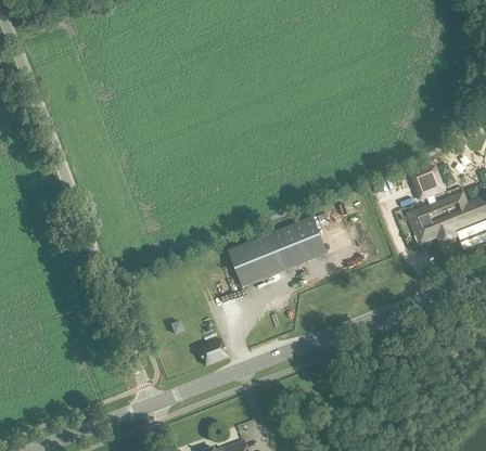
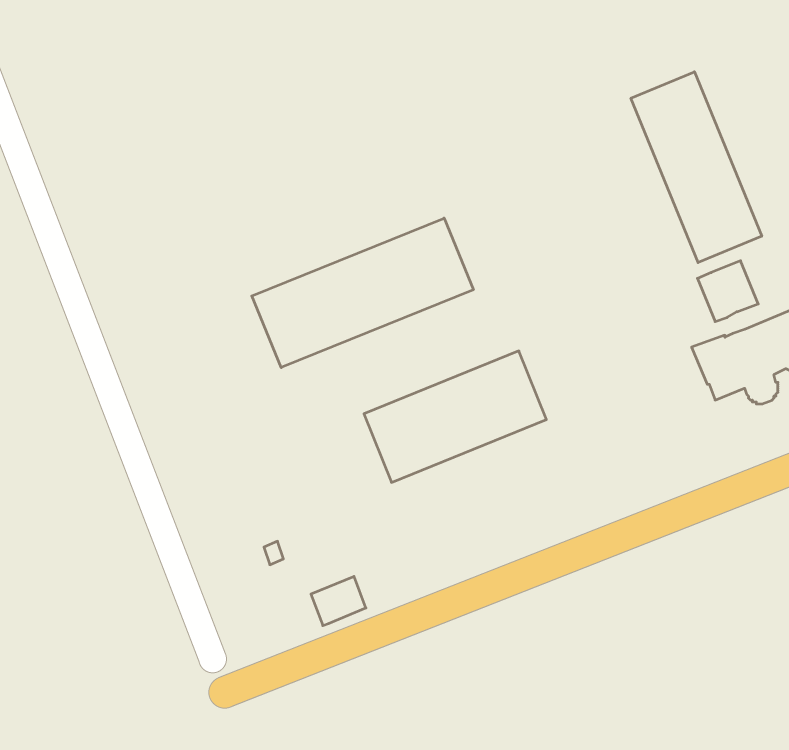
building: none -> [631,72,762,263]
building: none -> [252,218,473,368]

